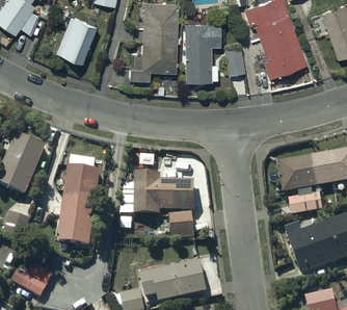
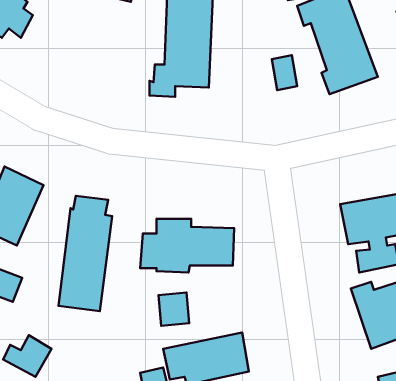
building: [55,14,97,60] -> none
building: [183,22,218,79] -> none
building: [169,211,193,237] -> [158,292,189,326]

